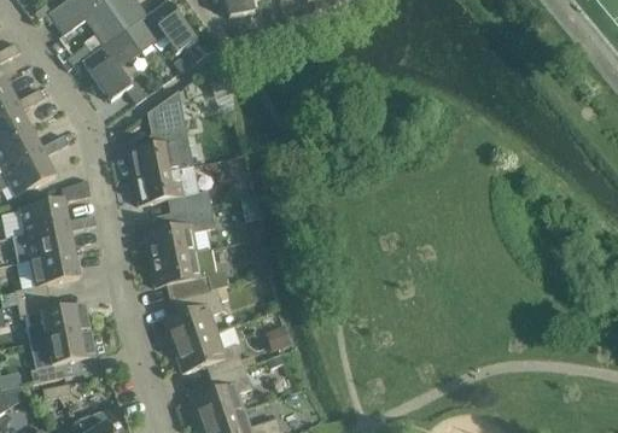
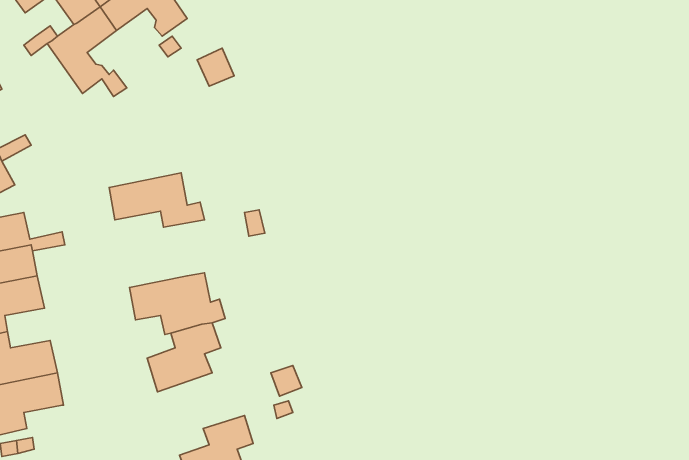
building: [128,92,192,179] -> none
building: [144,205,215,261] -> none
building: [173,330,244,376] -> none

